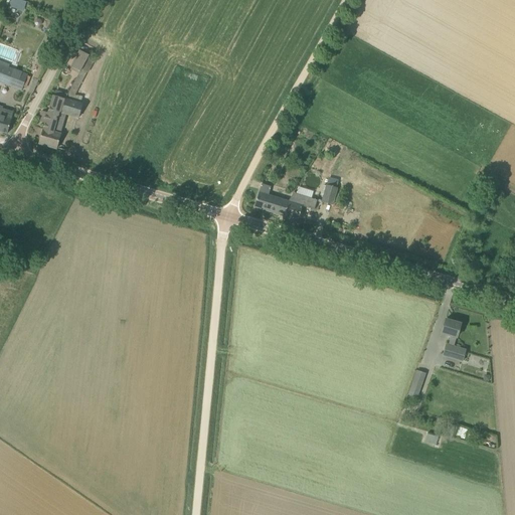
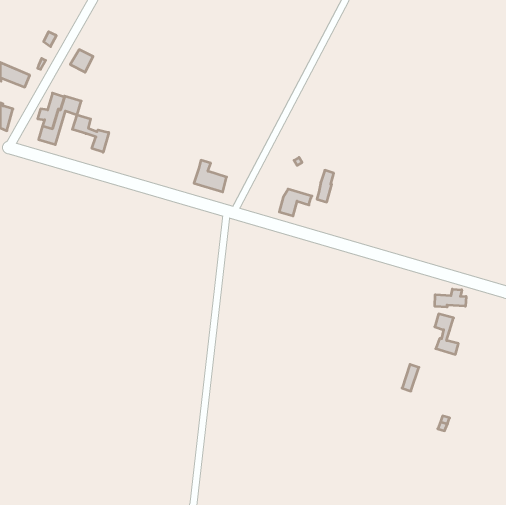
building: none -> [72,115,109,152]
building: [254,183,288,215] -> [194,160,227,192]
building: none -> [435,289,466,307]

